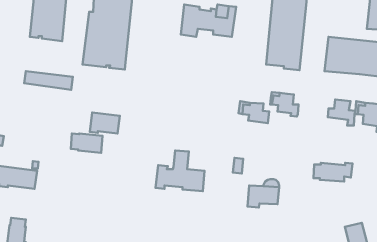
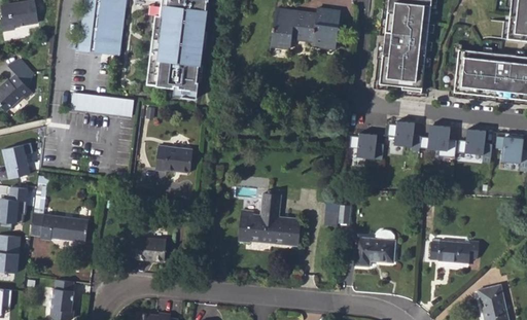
building: none -> [419,125,456,156]
building: [71,133,103,153] -> [127,237,167,261]
building: [313,163,352,181] -> [430,240,480,263]

